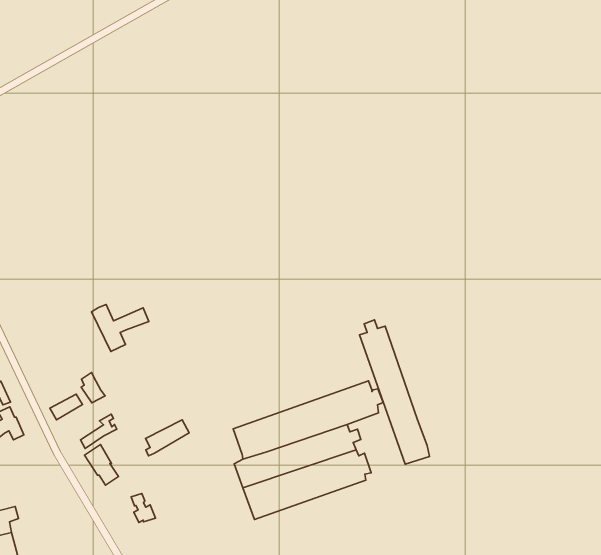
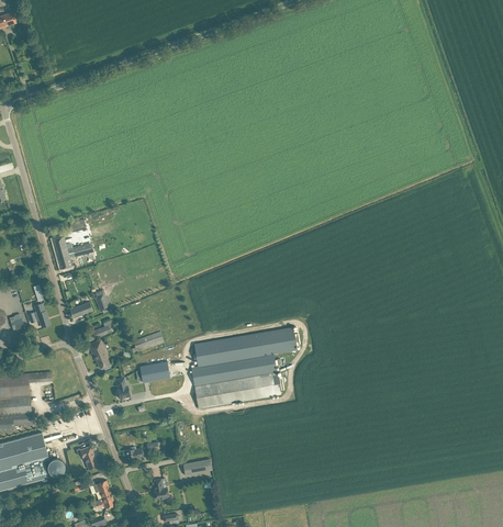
building: [91,305,149,352] -> [52,236,90,269]
building: [359,320,429,464] -> none
building: none -> [139,361,169,382]

